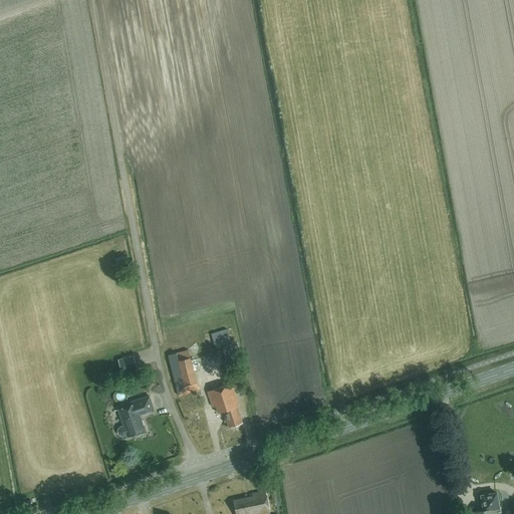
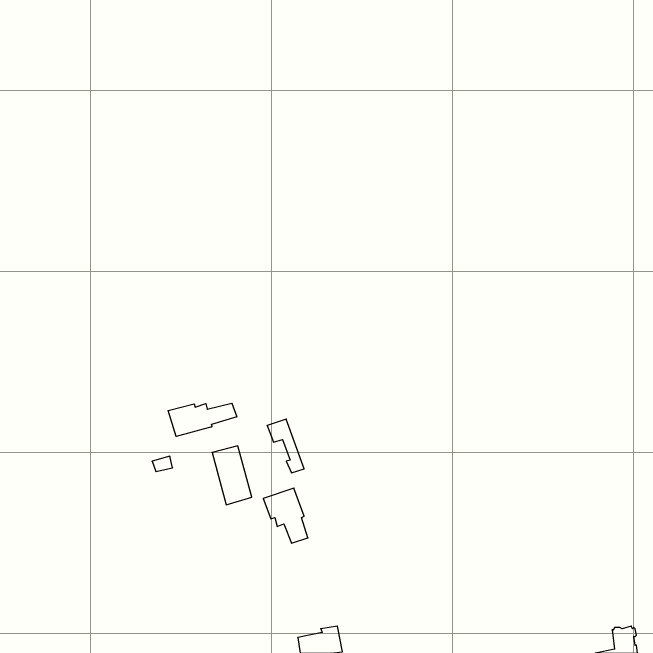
building: none -> [168,403,237,436]
building: [118,396,154,436] -> none

